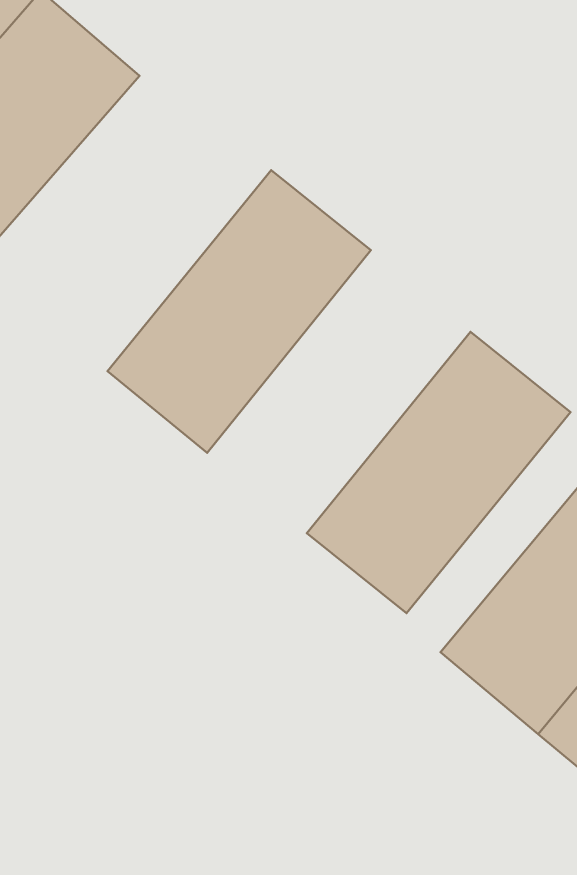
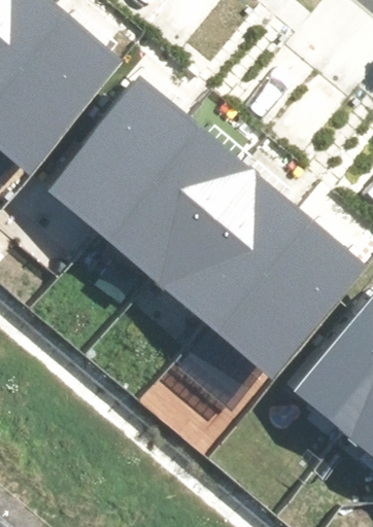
building: none -> [42,71,195,234]
building: none -> [158,164,310,327]

